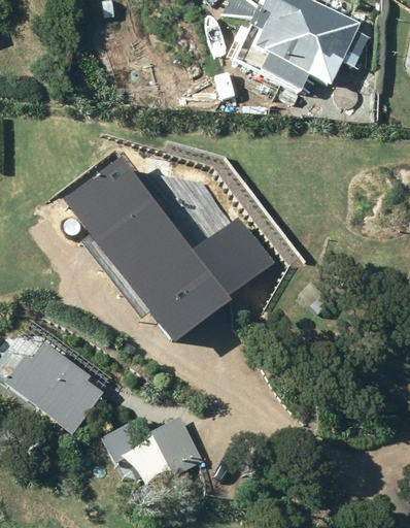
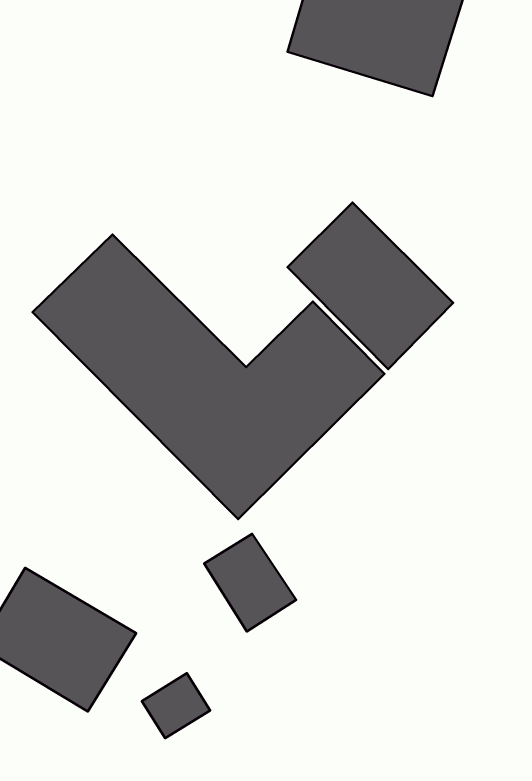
building: none -> [287,203,453,369]
building: [147,423,201,483] -> [204,534,296,632]

